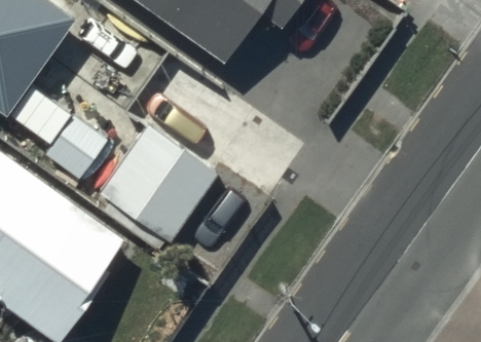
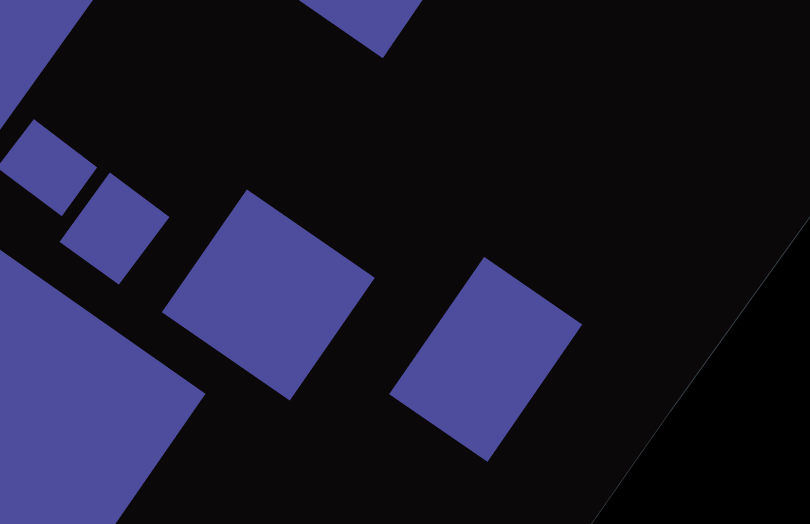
building: none -> [388,256,583,463]

